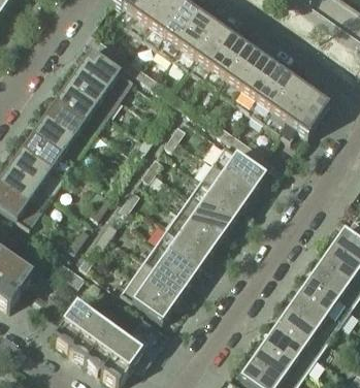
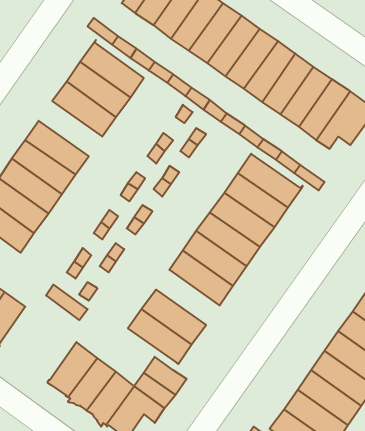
building: [47,95,101,141] -> none
building: [146,237,200,284] -> none

